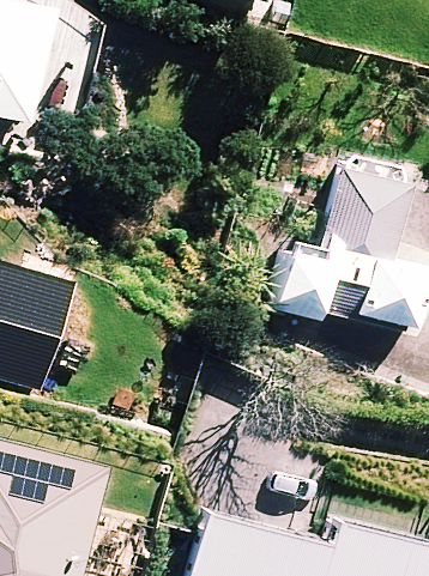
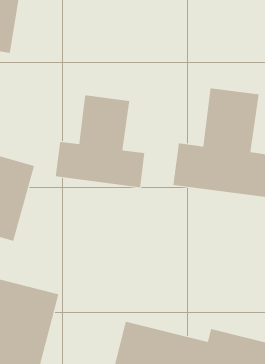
building: none -> [55,94,145,188]

